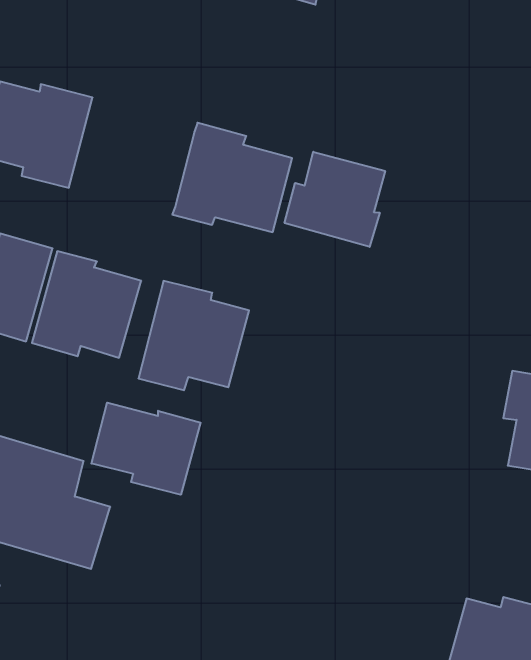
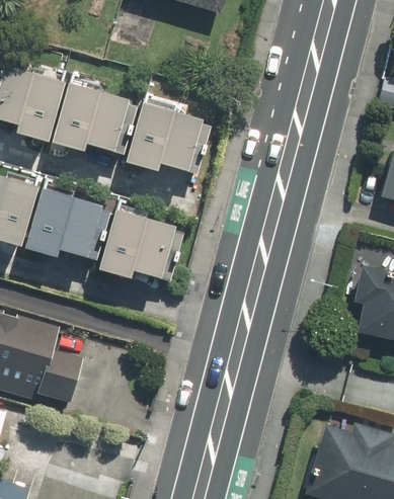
building: none -> [56,81,138,155]
building: [285,152,385,247] -> none
building: [91,403,201,495] -> none

